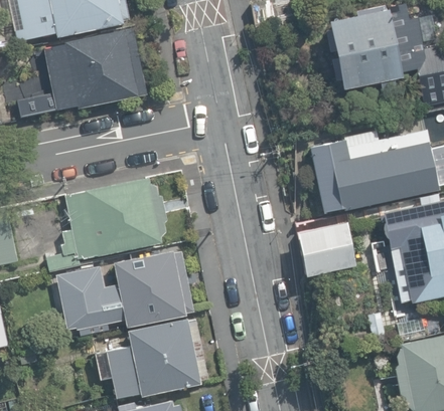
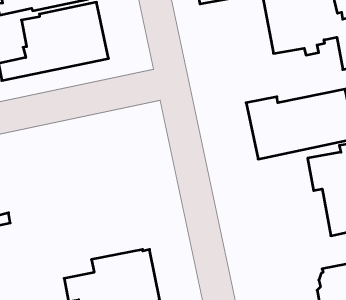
building: [45,178,166,271] -> none
building: [294,223,357,277] -> none
building: [57,250,193,330] -> none

